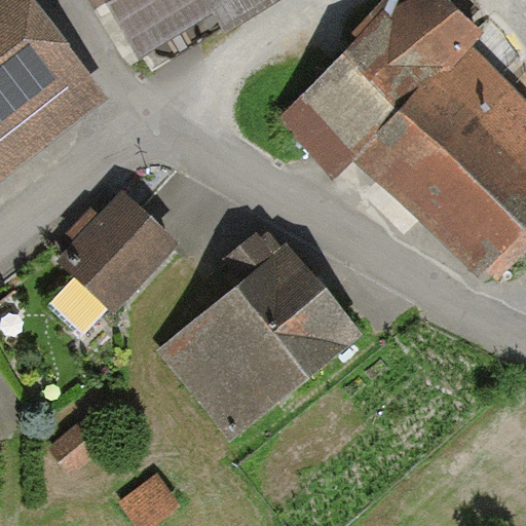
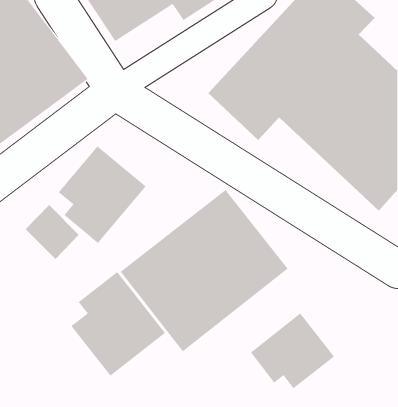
building: none -> [71,271,166,376]
building: none -> [250,313,335,389]

